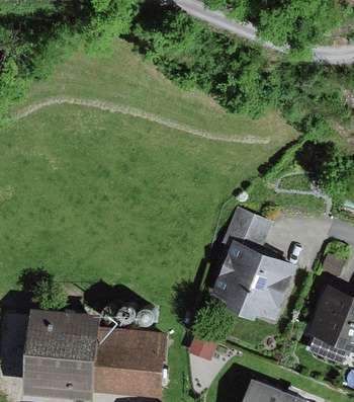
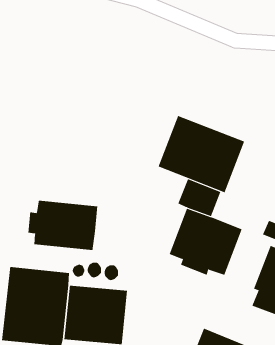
building: none -> [158,115,245,193]
building: none -> [28,200,98,251]

